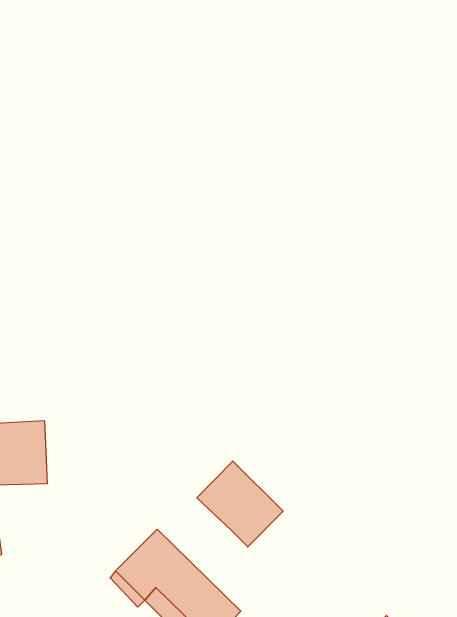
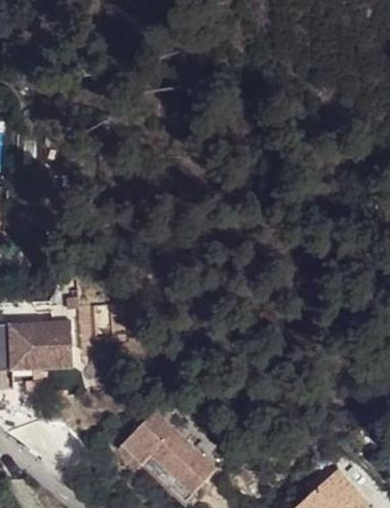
building: [197,461,283,547] -> none

